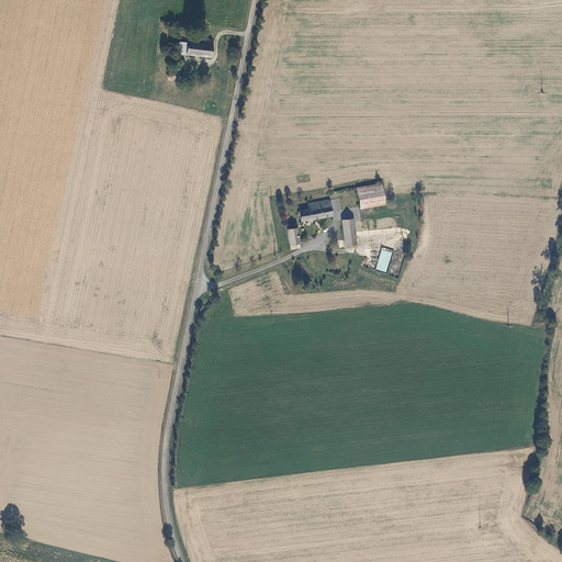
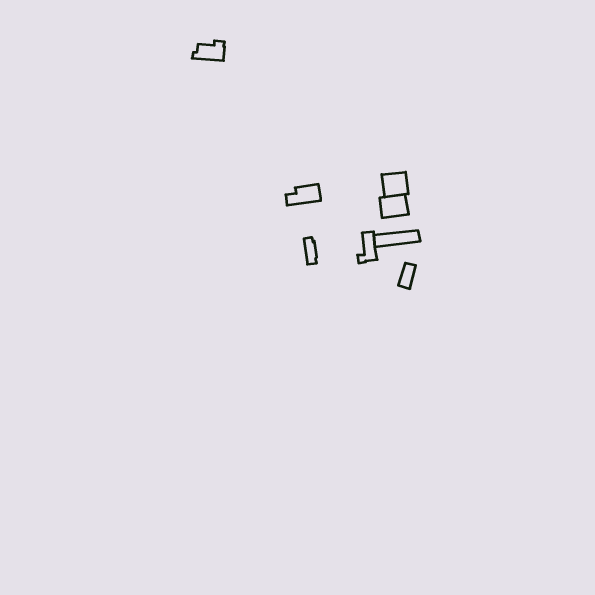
building: none -> [382,172,408,197]
building: [300,200,333,220] -> [286,184,321,205]

